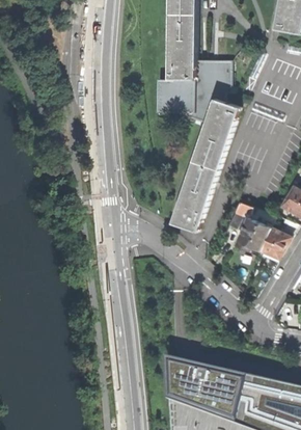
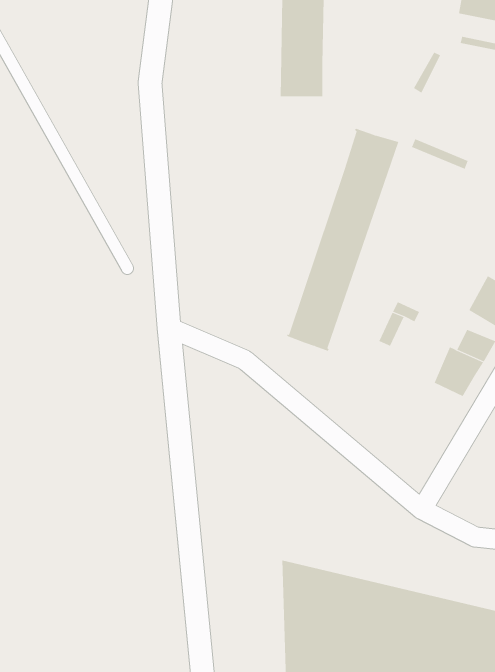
building: [156,59,230,123] -> none
building: [236,218,270,254] -> none

